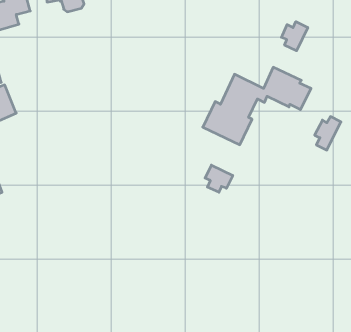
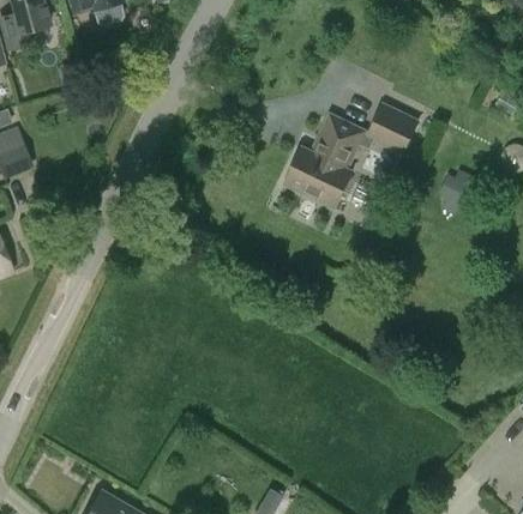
building: [281,22,308,51] -> none
building: [205,165,233,192] -> none

